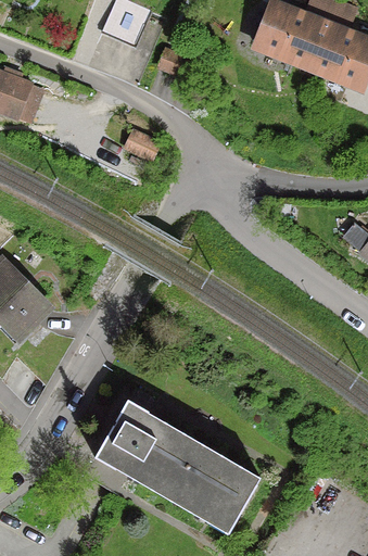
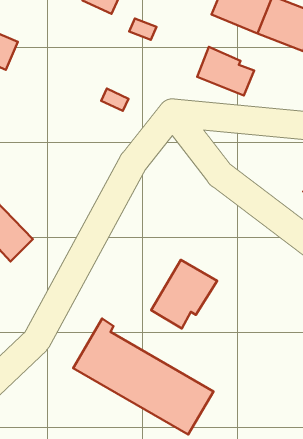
building: none -> [197,47,254,96]
building: none -> [151,260,217,328]

